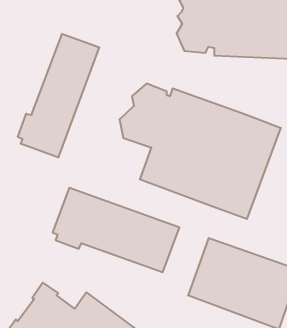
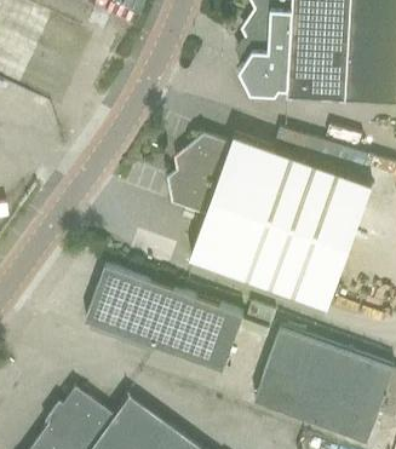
building: [18,34,99,157] -> none

